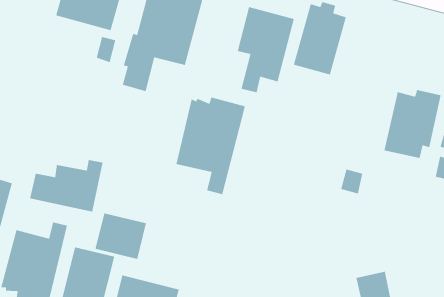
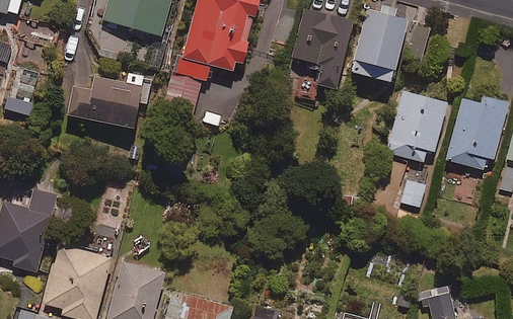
building: none -> [384,90,448,162]
building: [176,96,246,195] -> none
building: [29,159,104,212] -> [65,72,143,128]
building: [94,212,147,260] -> none

